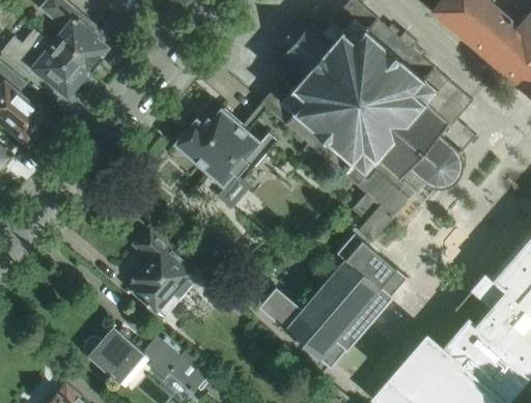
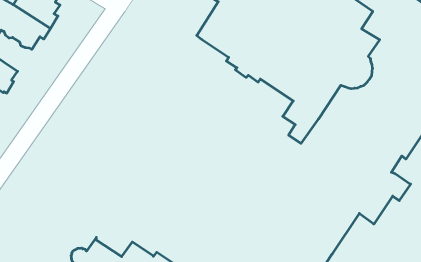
building: [172,104,277,189] -> none
building: [129,228,207,322] -> none
building: [259,232,408,368] -> none

